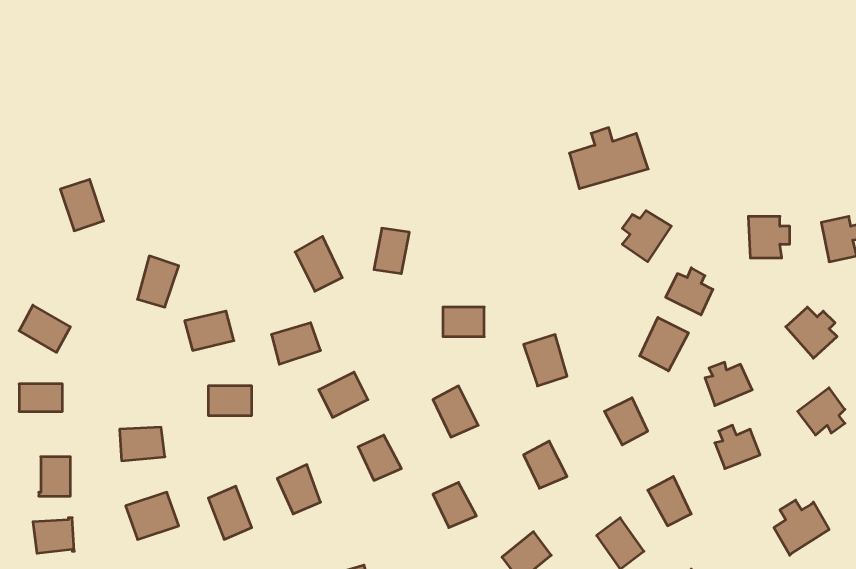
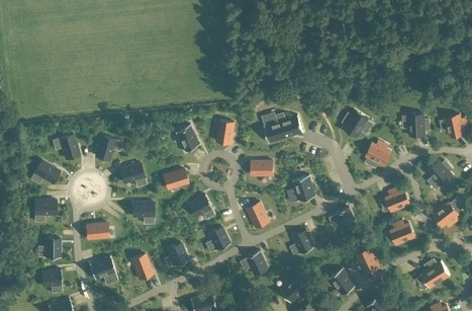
building: [569,128,648,189] -> [264,112,304,144]
building: [60,179,104,231] -> [59,134,81,160]
building: [640,317,688,371] -> none

